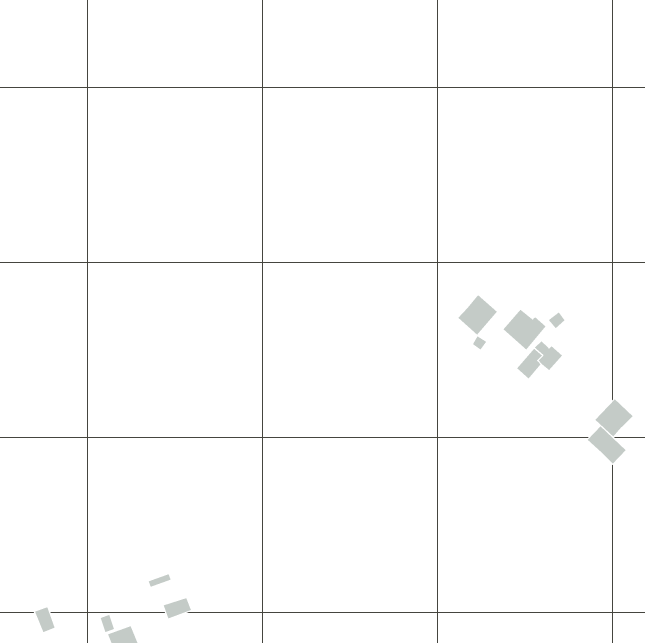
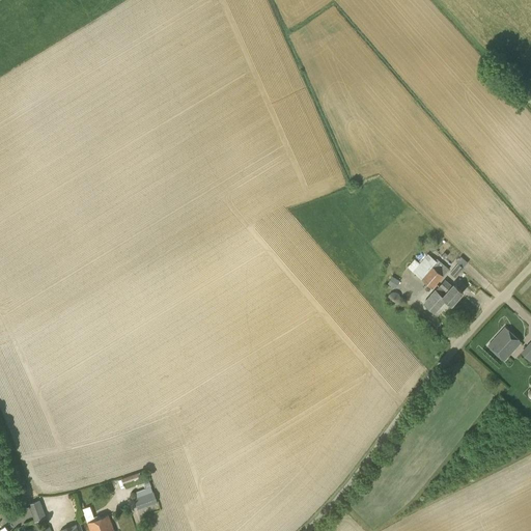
building: [457,294,498,335] -> none
building: [587,425,627,464] -> none

